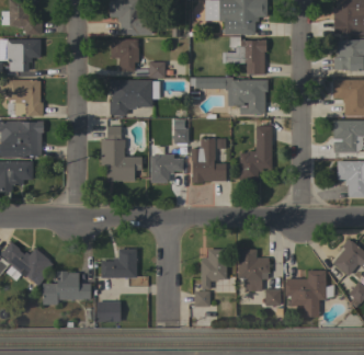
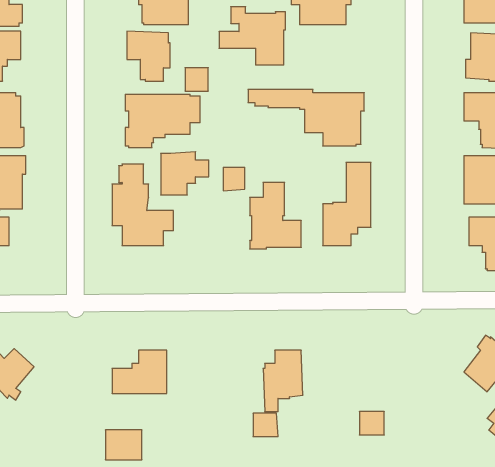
building: [223,36,266,75] -> [219,7,285,65]
building: [151,153,183,182] -> [161,152,209,195]
building: [238,249,270,290] -> none
building: [285,270,333,317] -> none
building: [43,271,91,304] -> none

